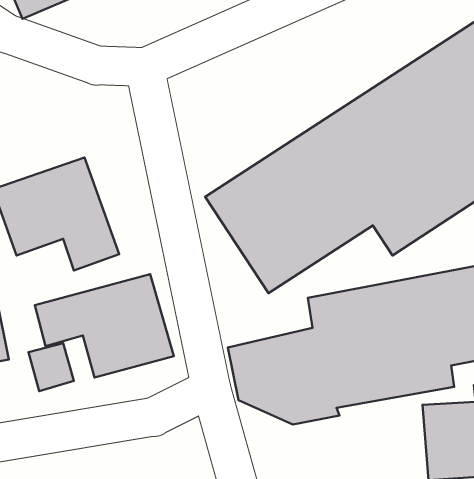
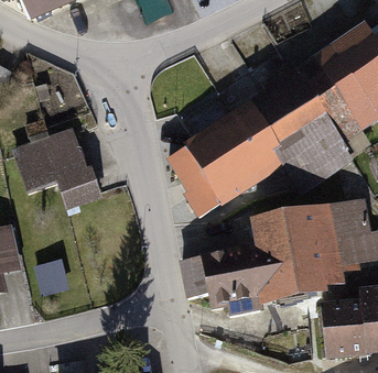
building: [35,274,174,377] -> none

